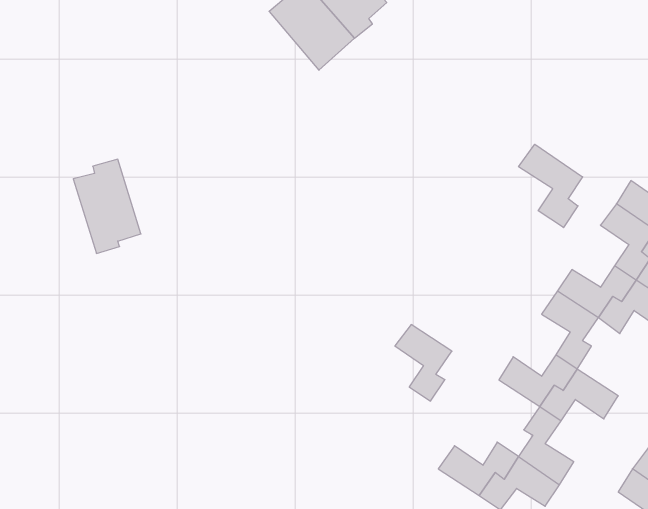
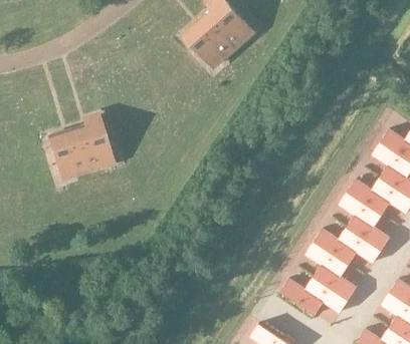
building: [519,144,583,228] -> none
building: none -> [49,127,87,178]
building: none -> [359,206,390,250]
building: [395,325,452,401] -> [305,241,338,284]

